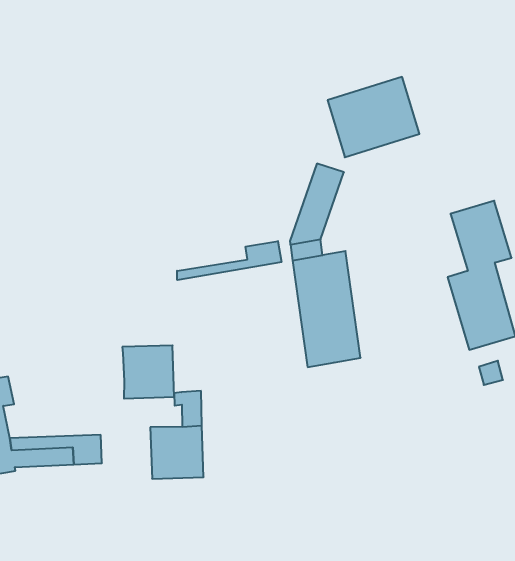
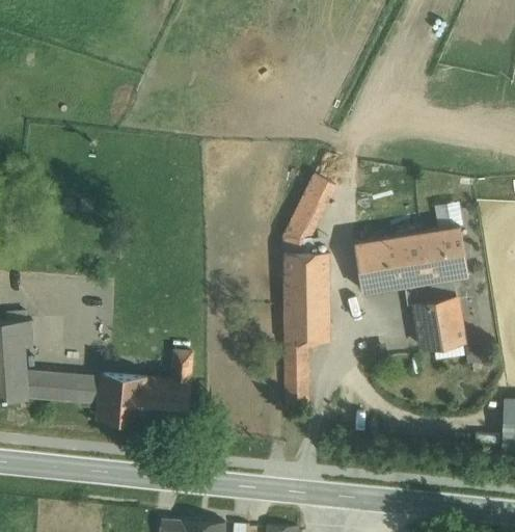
building: [328,77,419,157] -> [356,232,430,293]
building: [177,241,281,280] -> none
building: [122,345,174,399] -> [99,374,145,422]
building: none -> [284,344,308,409]

